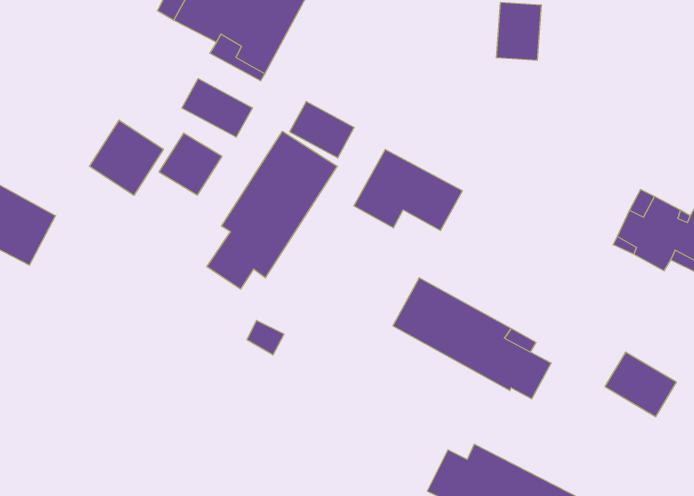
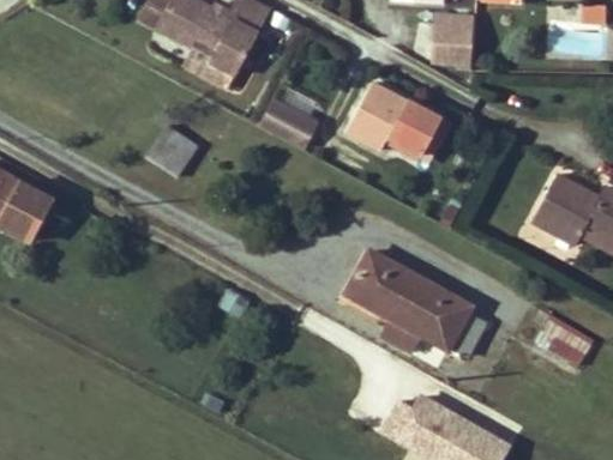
building: [182,79,252,137] -> none
building: [89,120,163,195] -> none
building: [207,131,337,289] -> none
building: [354,149,462,231] -> [347,84,441,155]

